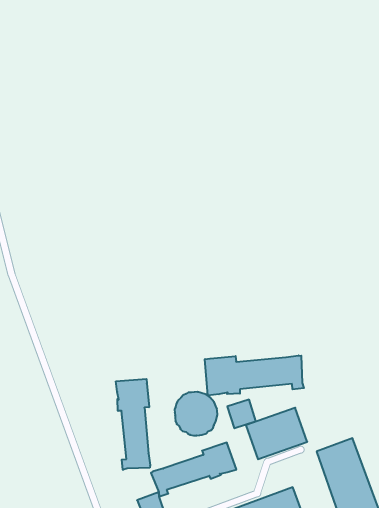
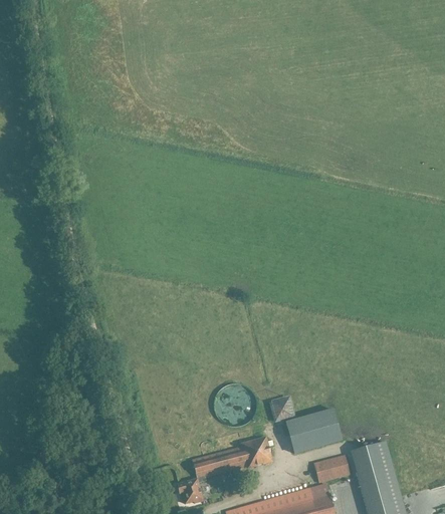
building: [205,355,304,396] -> none
building: [116,379,150,470] -> none
building: none -> [313,456,350,483]

